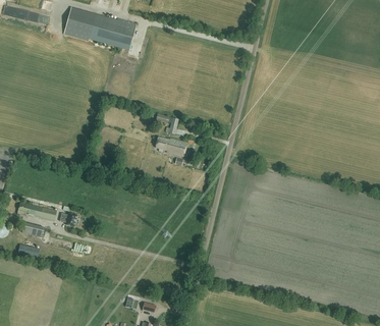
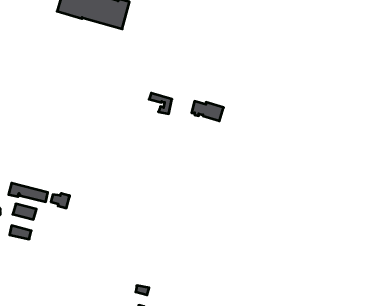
building: [155,137,186,156] -> [192,101,224,121]

